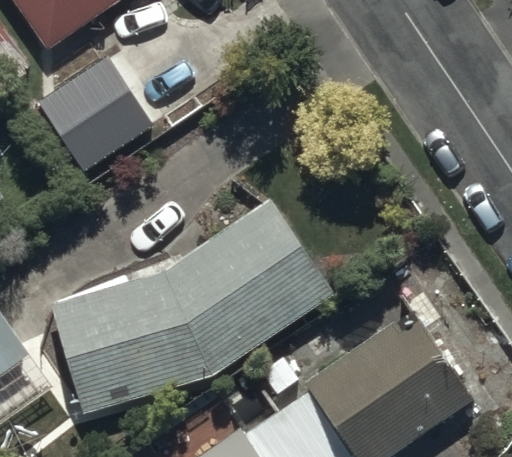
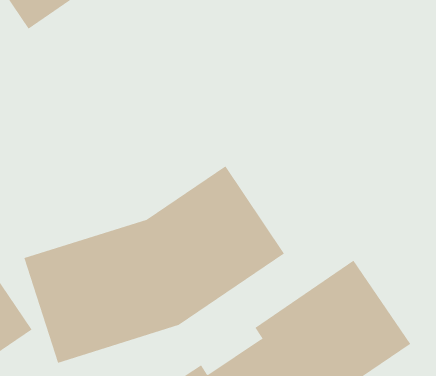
building: [35,48,154,166] -> none

